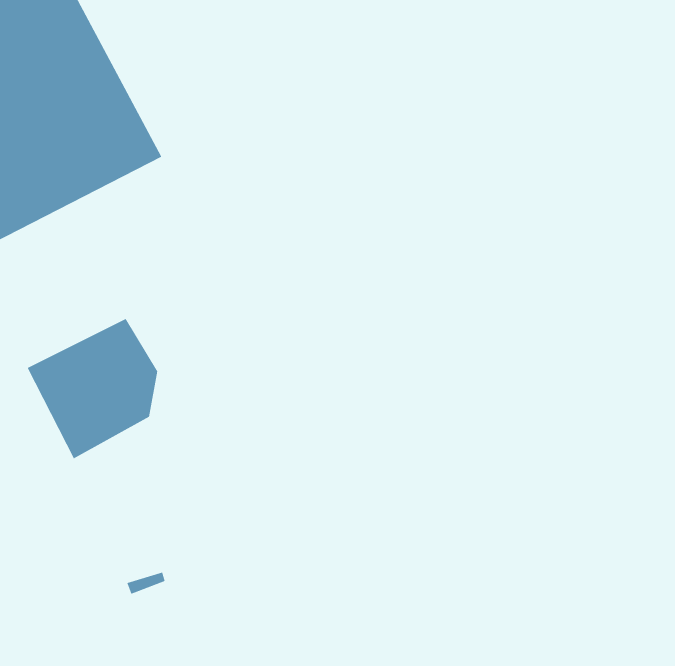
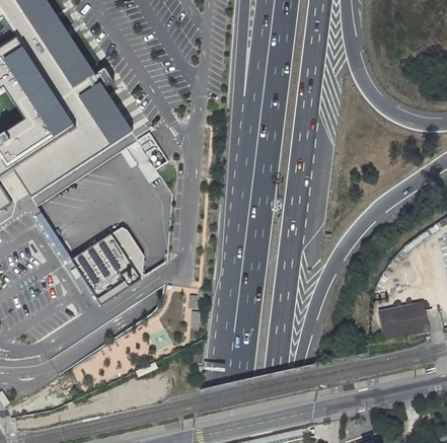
building: none -> [381,301,429,337]

